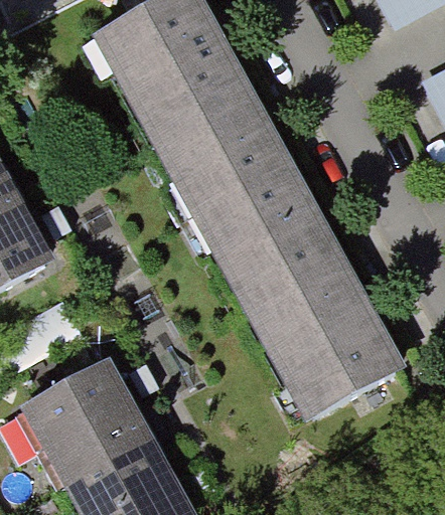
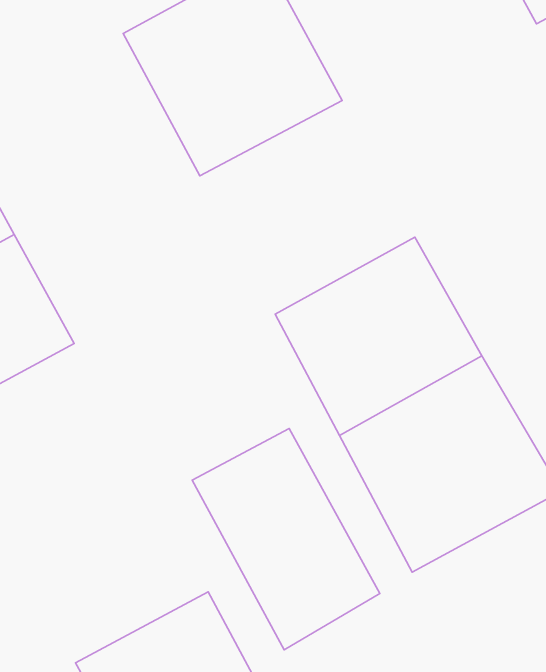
building: [149,85,304,239] -> none
building: none -> [192,428,380,650]
building: [14,357,155,491] -> none

